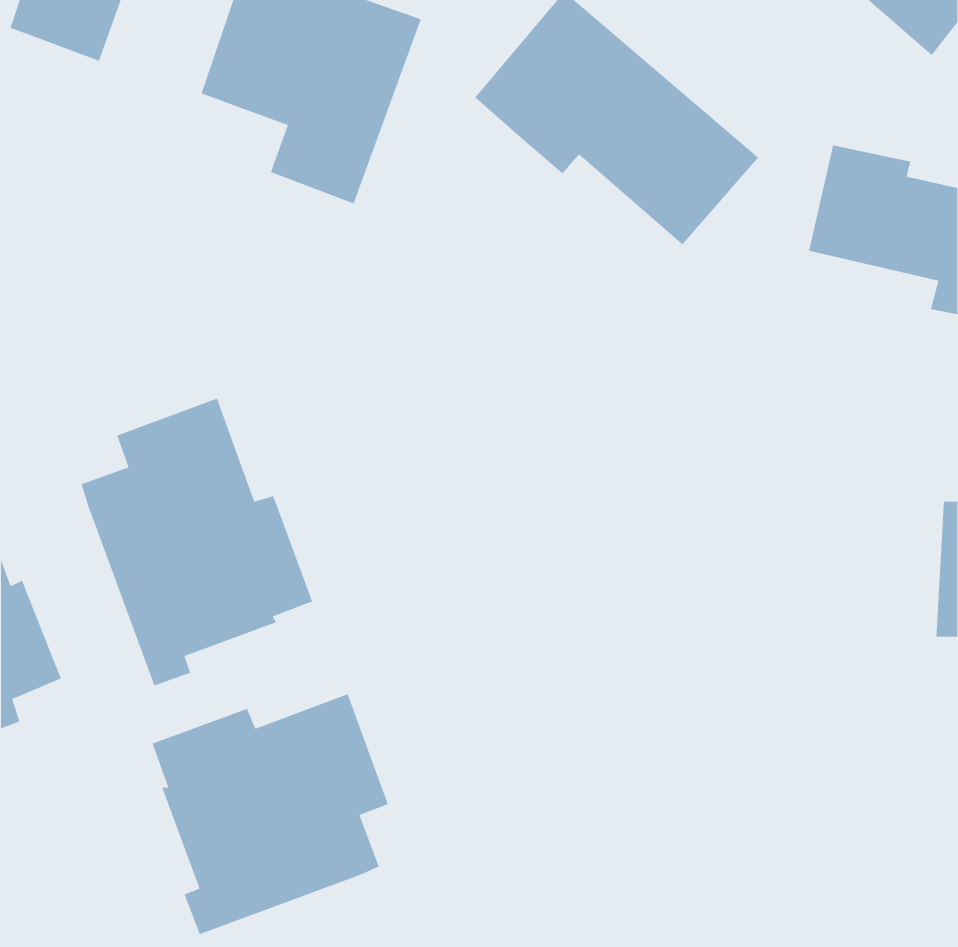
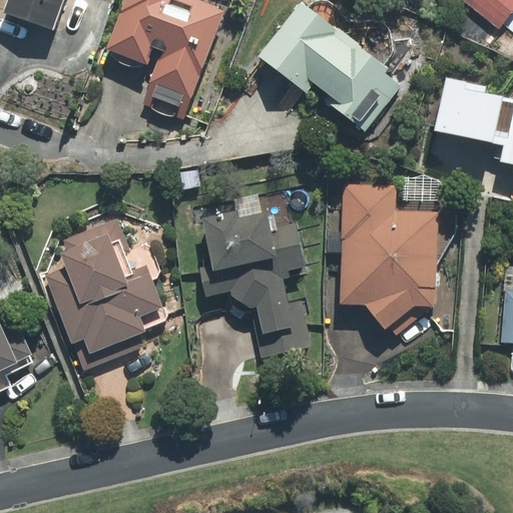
building: none -> [338,175,439,331]
building: none -> [198,191,314,357]
building: [152,693,389,935] -> none

